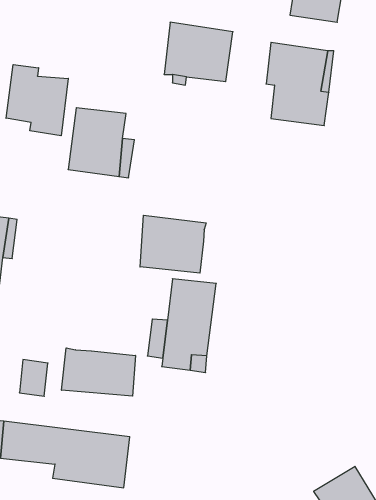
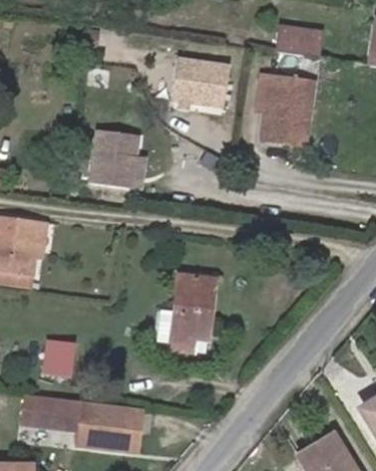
building: [6,65,68,136] -> none
building: [140,215,206,273] -> none
building: [62,348,135,396] -> none

